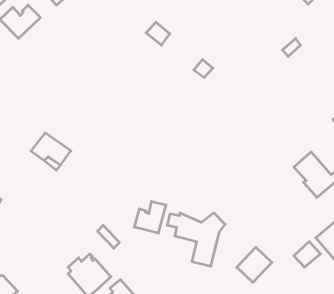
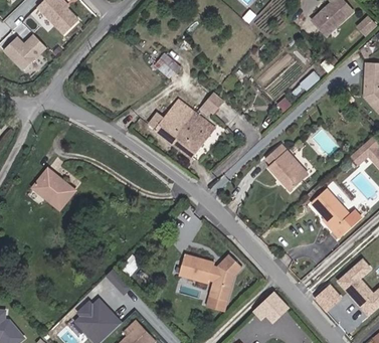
building: none -> [157,99,216,156]
building: none -> [267,145,310,191]
building: [134,201,166,233] -> none

